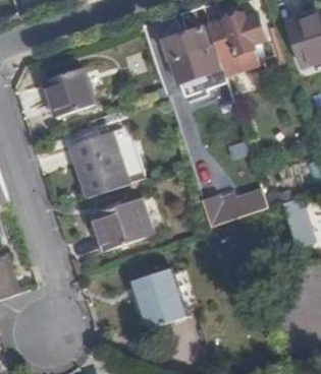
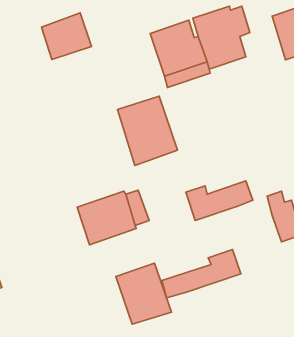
building: [42,69,92,116] -> [42,13,91,60]
building: [69,130,129,199] -> [118,96,178,165]
building: none -> [162,249,241,298]

